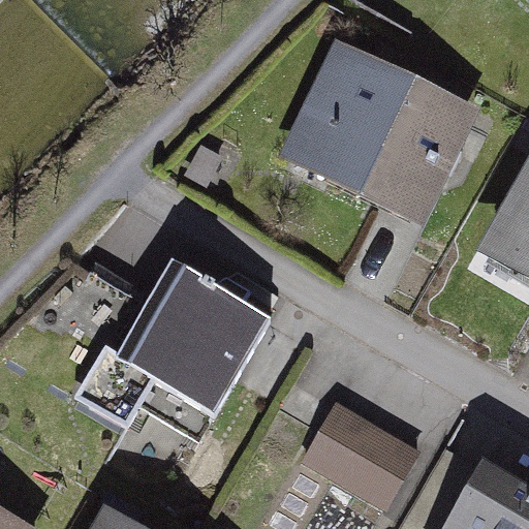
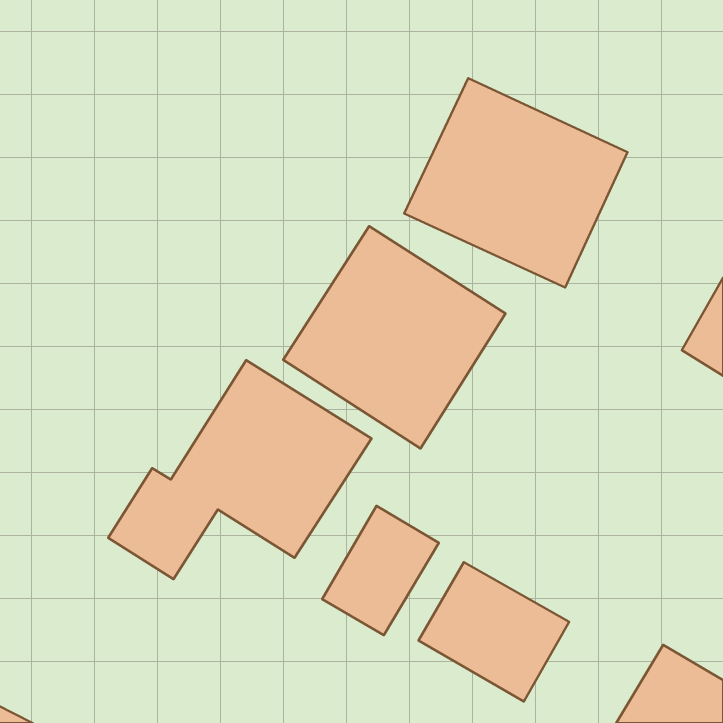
building: none -> [283,226,506,448]
building: none -> [322,506,439,635]

